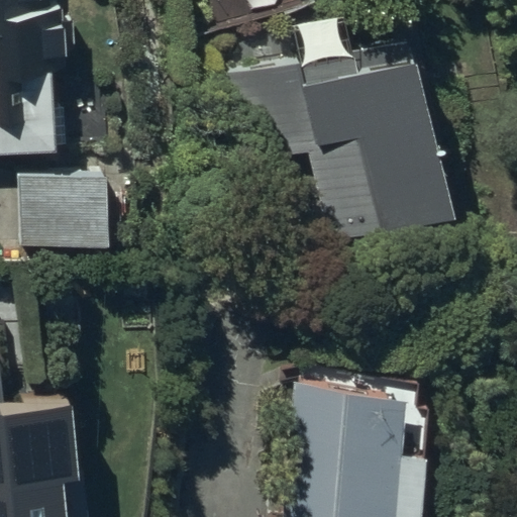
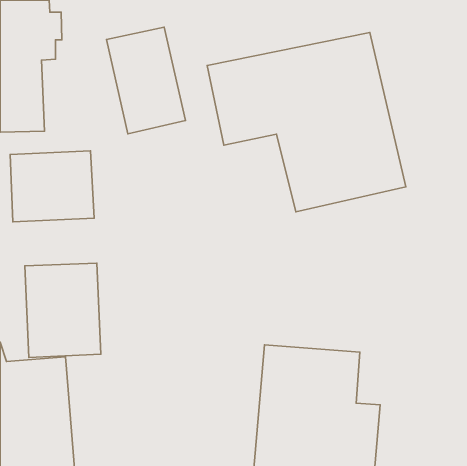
building: none -> [106,27,185,134]
building: none -> [25,263,101,358]

